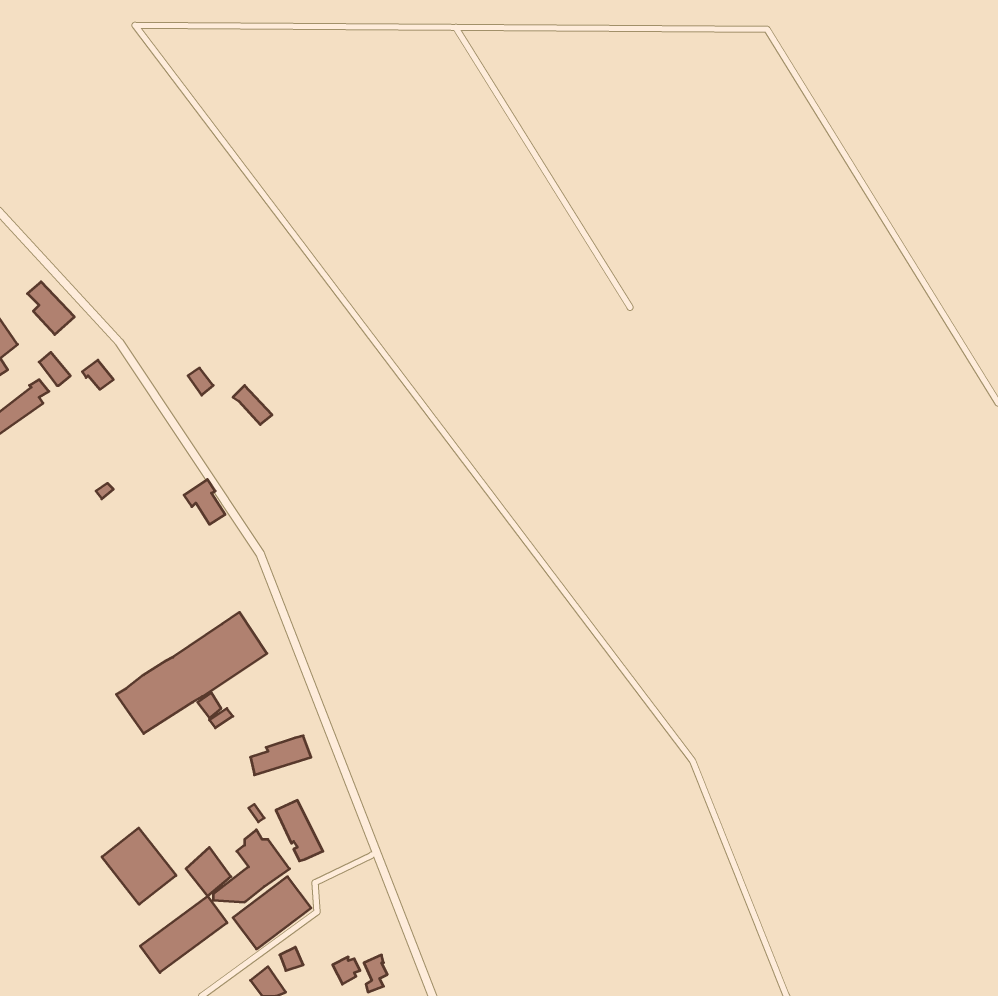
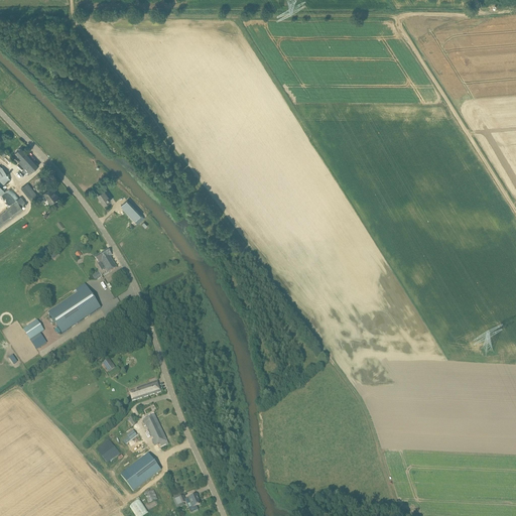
building: [116,612,267,734] -> [22,285,100,348]
building: [102,828,176,904] -> none
building: [140,896,227,973] -> none

